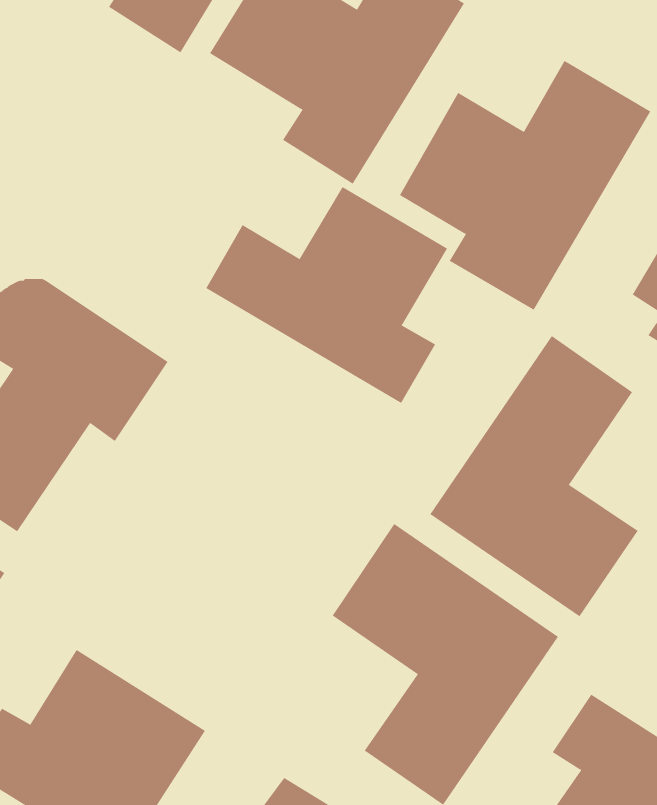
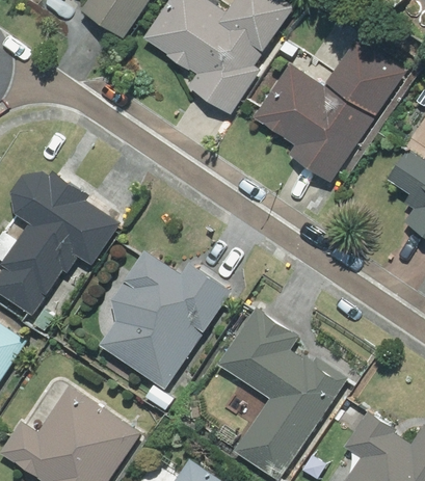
building: [205,186,448,404] -> none
building: [430,335,639,617] -> none
building: none -> [100,249,232,389]

